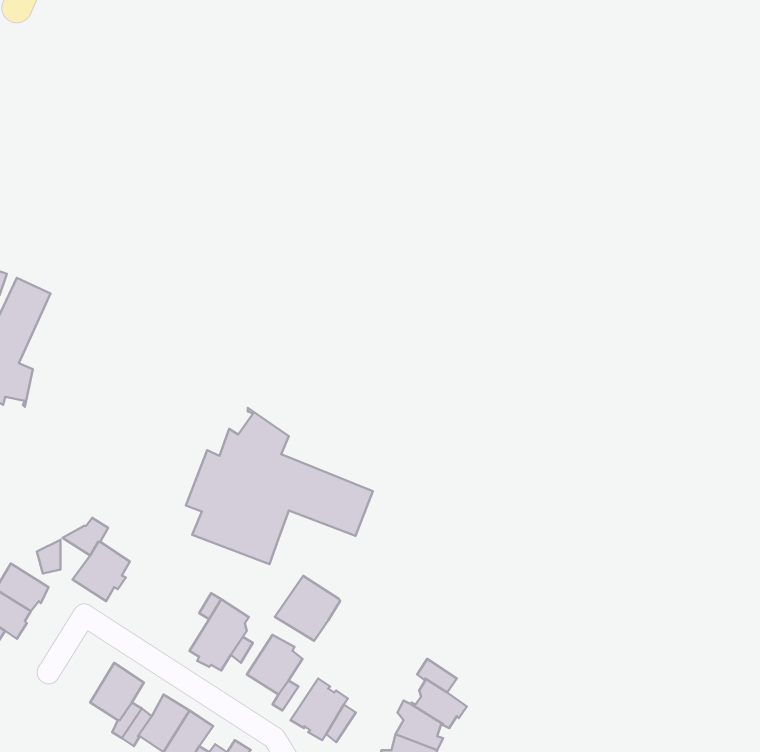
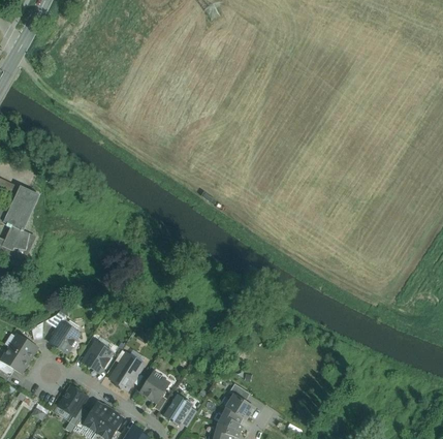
building: [186,408,373,564] -> none
building: [275,576,340,641] -> none
building: none -> [83,342,110,372]

